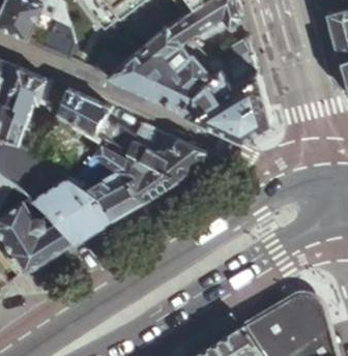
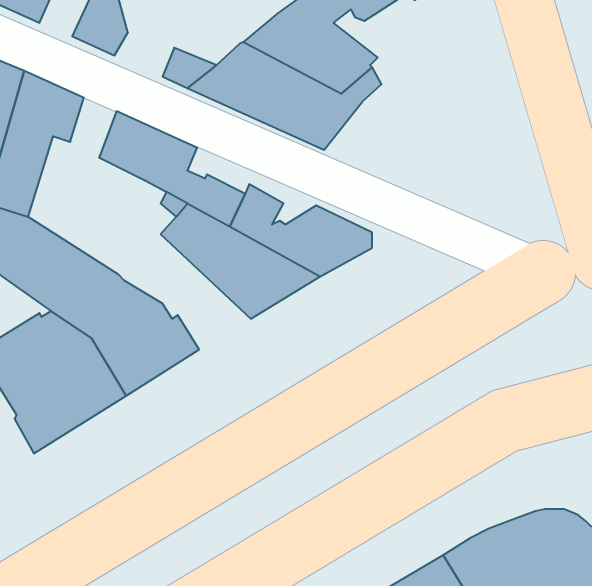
building: [178,39,267,138] -> none
building: [70,155,139,217] -> none

